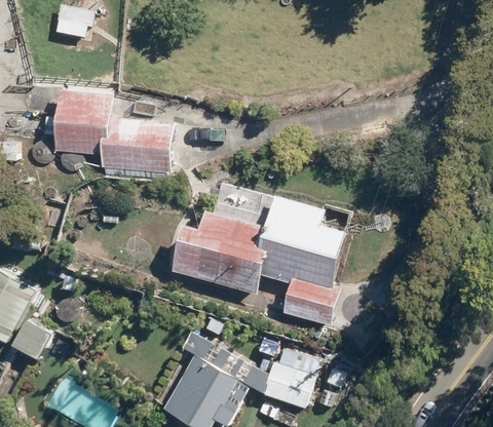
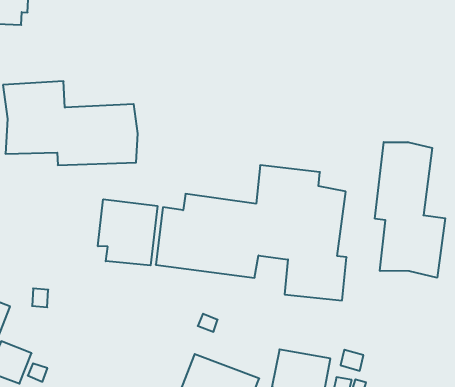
building: none -> [375,142,445,278]
building: none -> [98,199,157,265]

